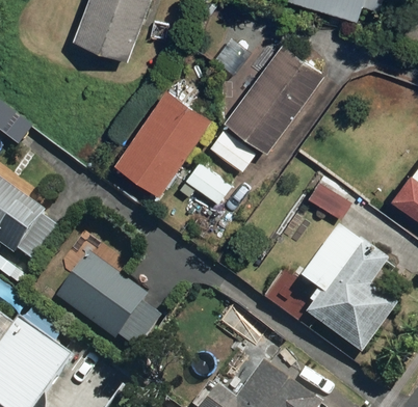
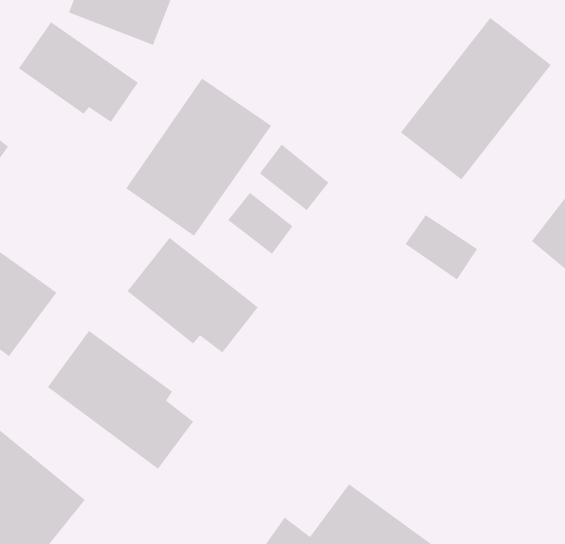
building: [223,39,328,153] -> [400,17,552,181]
building: none -> [18,21,139,123]
building: none -> [127,237,259,353]
building: [279,225,395,350] -> none

